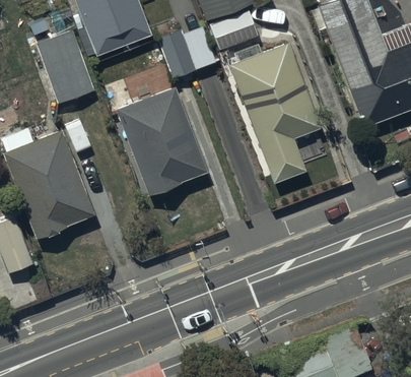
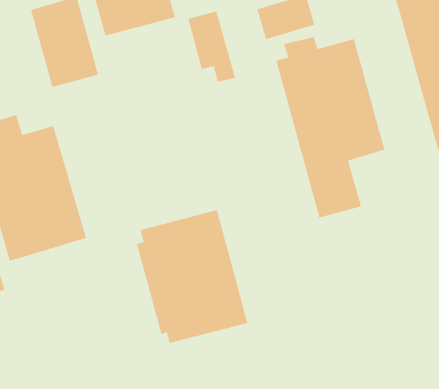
building: [116,87,208,195] -> [136,209,248,343]

